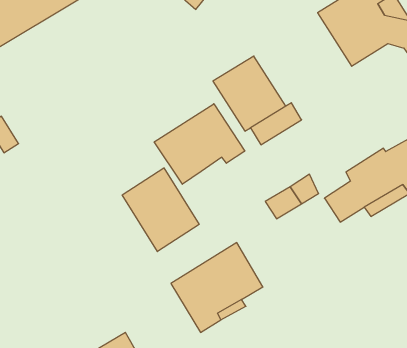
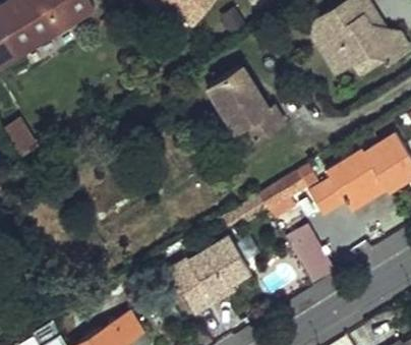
building: [154,104,245,184] -> none
building: [122,168,199,252] -> none
building: none -> [285,223,337,286]

